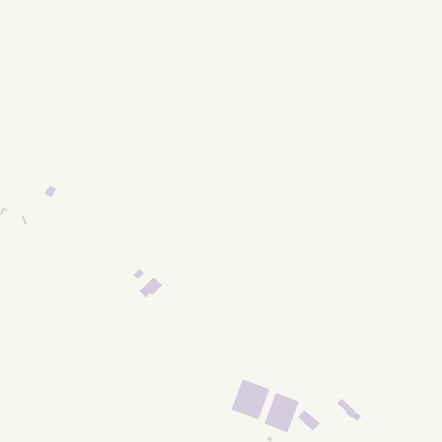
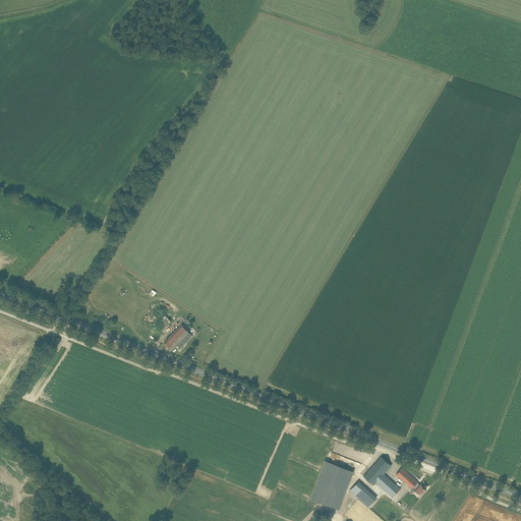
building: [231,378,270,420] -> none
building: none -> [362,457,399,498]

